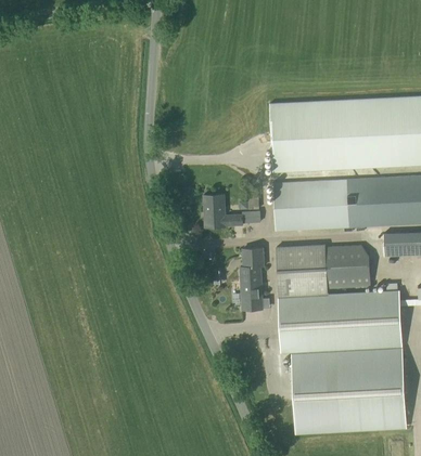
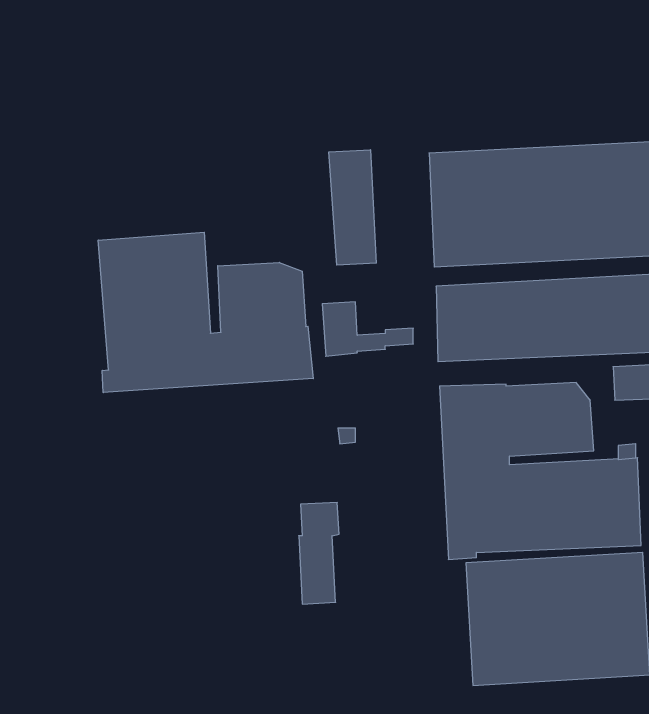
building: none -> [329,150,376,265]
building: none -> [98,232,313,393]
building: [240,246,265,309] -> [299,503,339,604]

